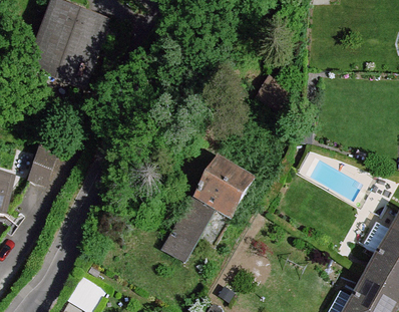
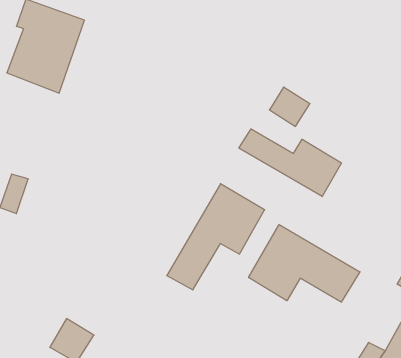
building: none -> [239,129,341,197]
building: none -> [249,225,360,302]

